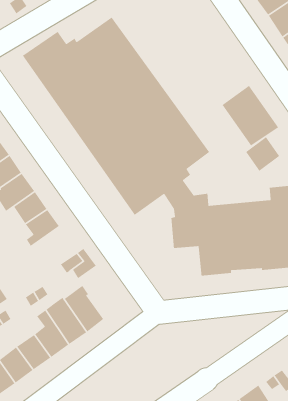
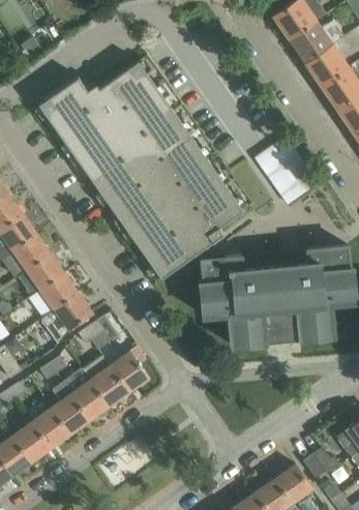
building: [245,136,280,172] -> none
building: none -> [41,292,93,343]
building: none -> [109,352,149,393]

